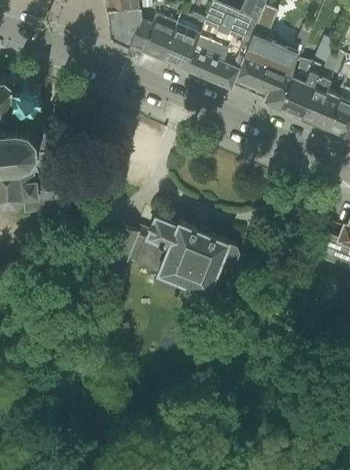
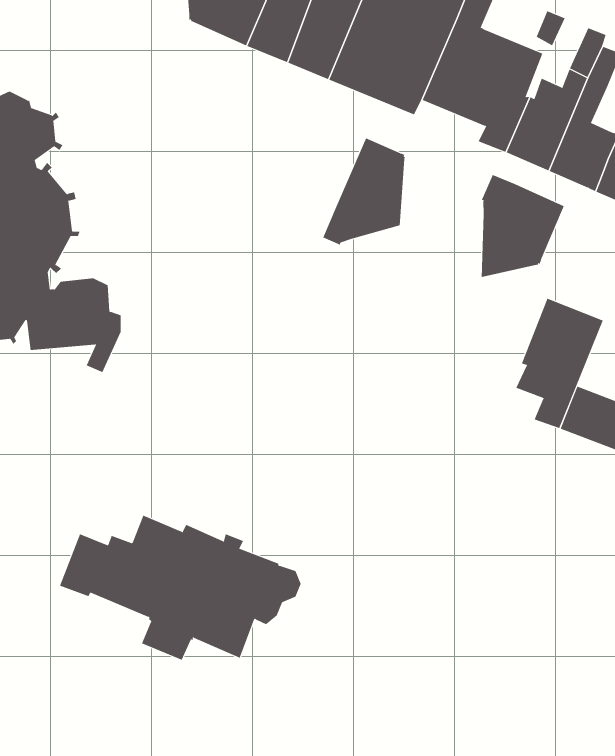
building: none -> [323,138,406,245]
building: none -> [481,174,565,278]
building: none -> [515,298,604,429]
building: [111,217,241,295] -> [59,515,302,660]

